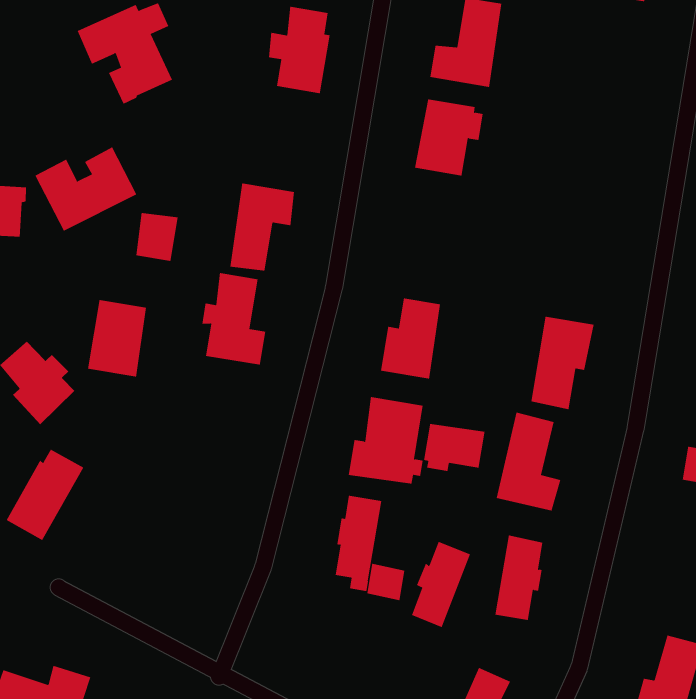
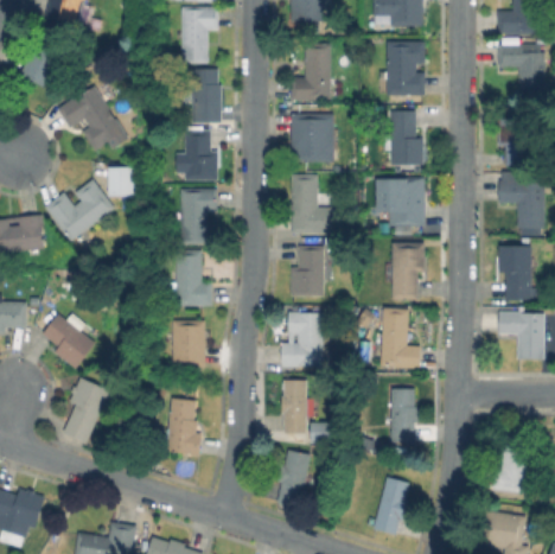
building: none -> [387,43,425,94]
building: none -> [184,130,217,180]
building: none -> [383,110,423,164]
building: none -> [292,174,338,234]
building: [135,213,179,261] -> [104,166,129,196]
building: none -> [388,177,425,228]
building: [87,300,147,377] -> [172,320,205,367]
building: [424,423,485,472] -> none
building: none -> [166,397,202,457]
building: [411,541,471,628] -> [278,450,310,505]

